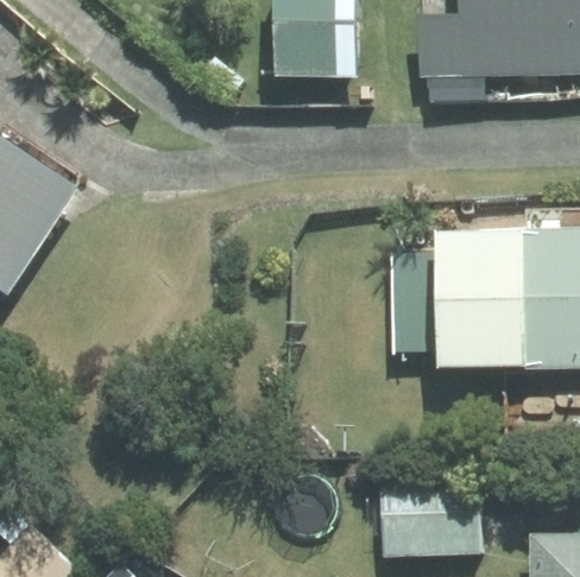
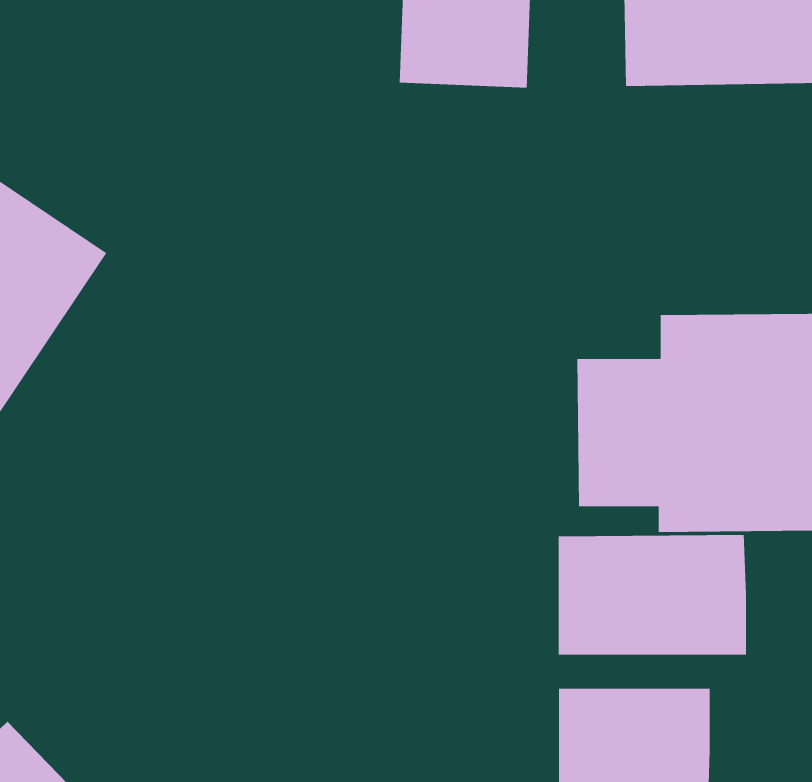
building: none -> [558,534,746,655]

